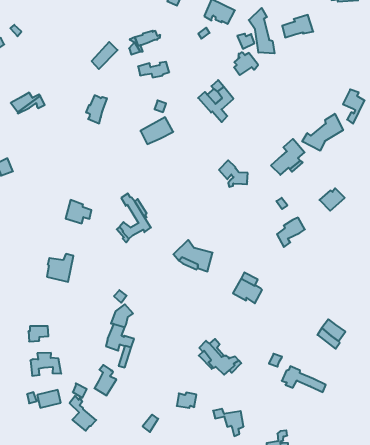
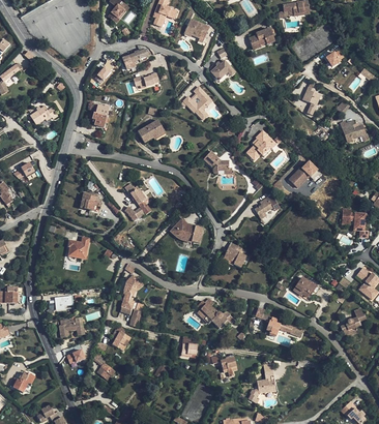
building: [249,8,275,53] -> none
building: [302,114,343,151] -> none

